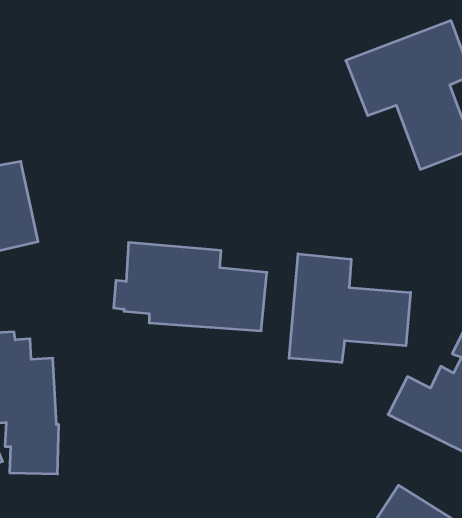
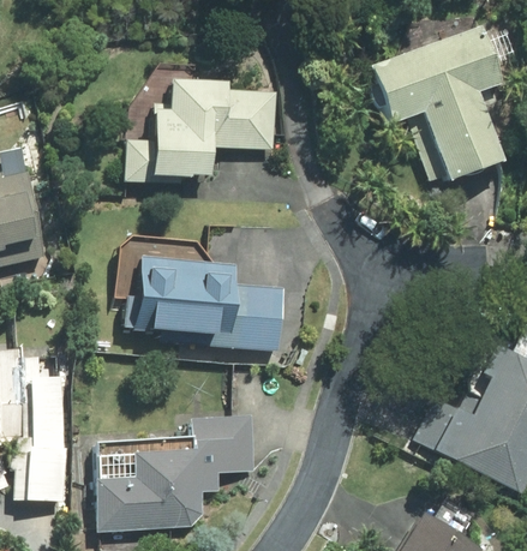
building: none -> [126,80,277,184]
building: [289,254,411,363] -> none
building: none -> [94,417,257,533]

